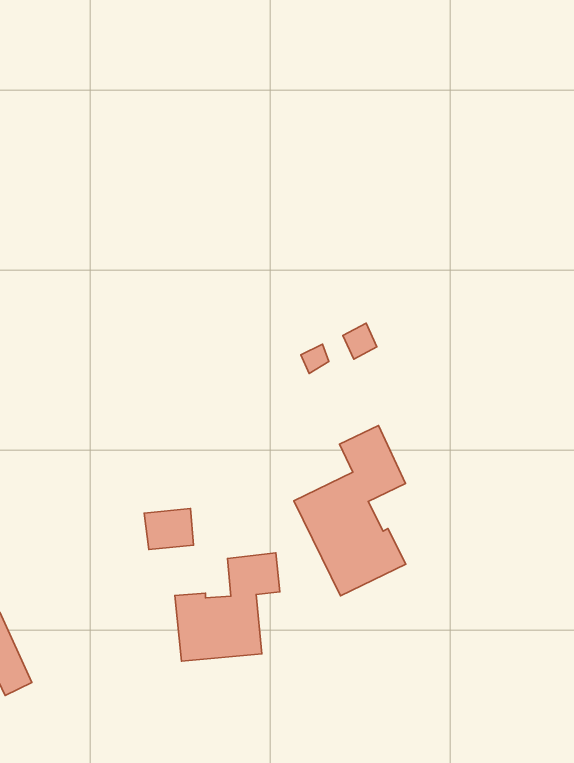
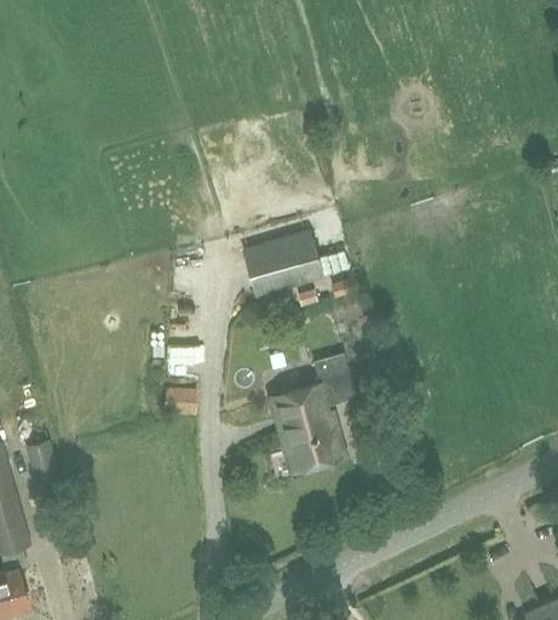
building: none -> [243,230,322,294]
building: [175,553,280,661] -> none

